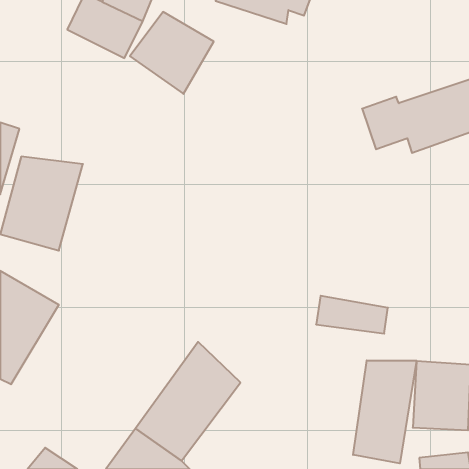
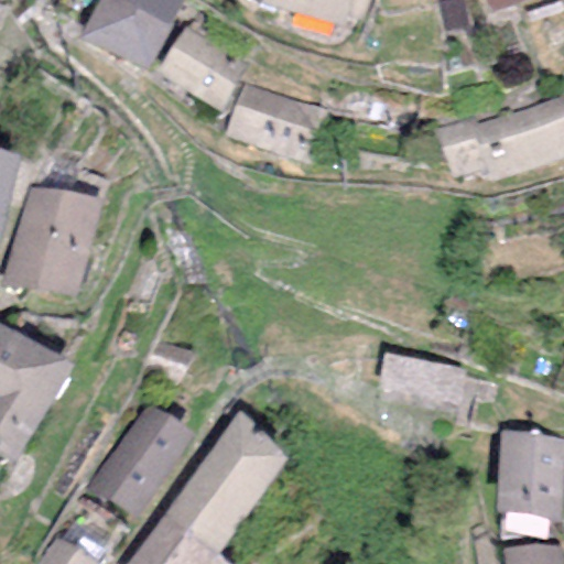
building: none -> [226,83,322,162]
building: none -> [83,401,196,525]
building: [353,360,417,463] -> none

